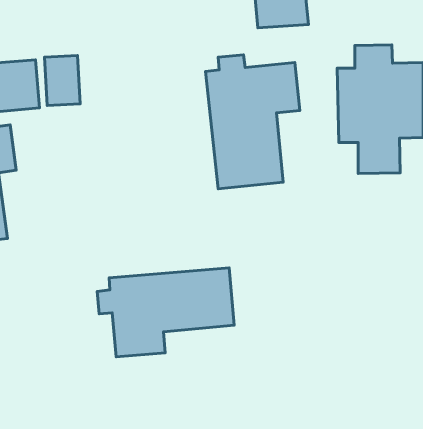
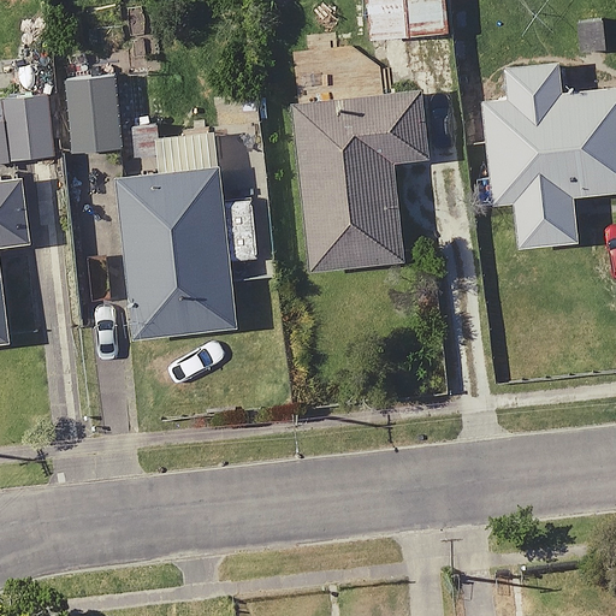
building: none -> [119,119,262,338]
building: [97,268,234,357] -> none

